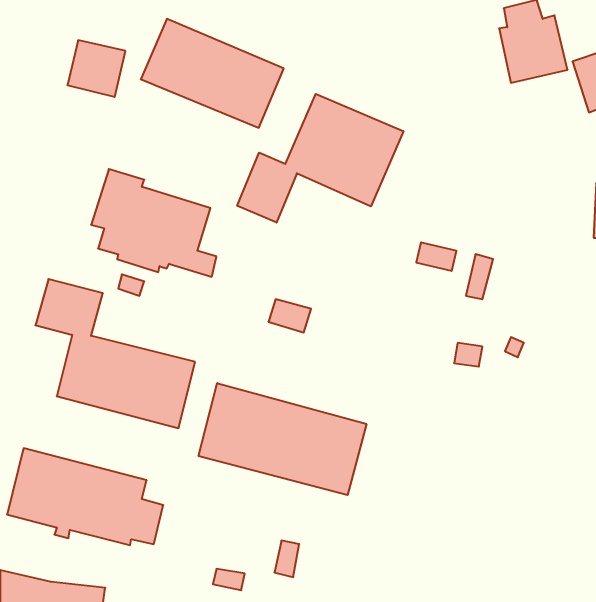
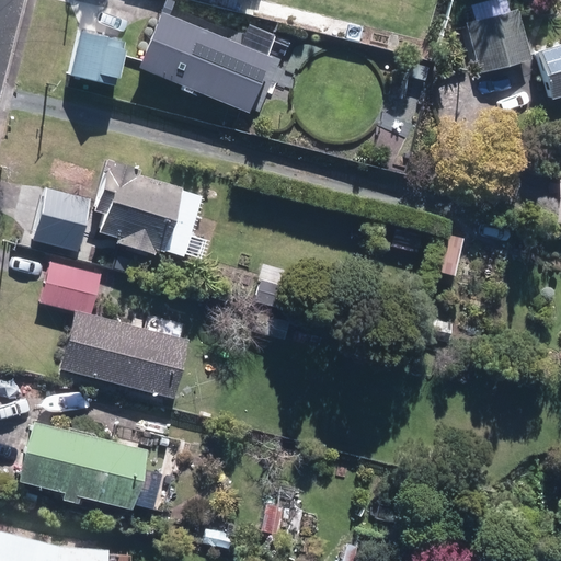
building: [237,94,403,223] -> none
building: none -> [38,190,92,244]
building: [199,383,366,495] -> none

